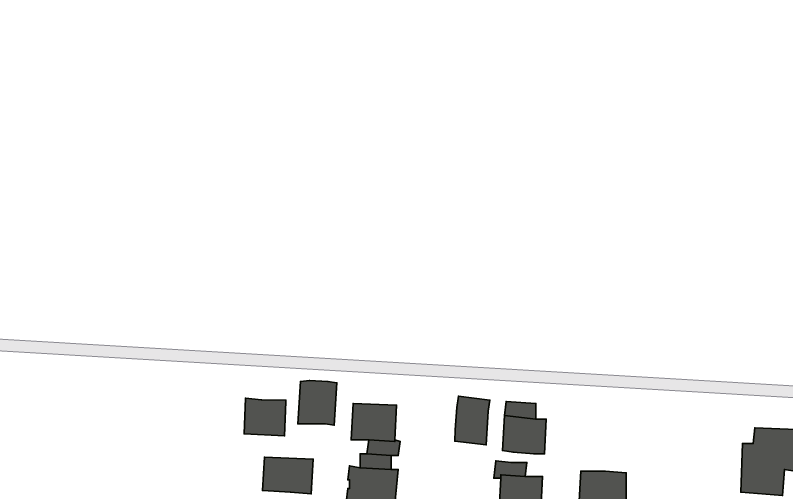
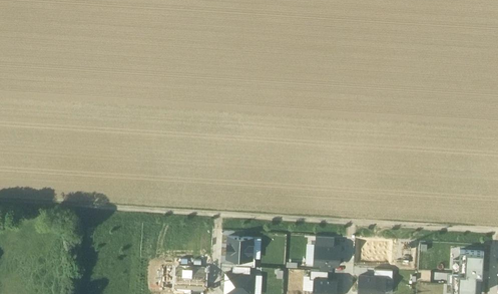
building: [298,381,337,425] -> none
building: [455,396,490,445] -> none
building: [244,398,286,436] -> none

